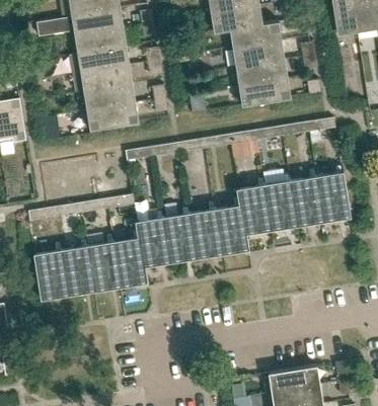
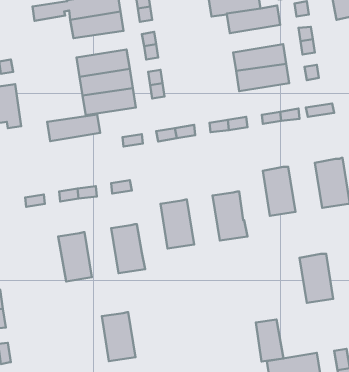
building: [232,40,285,68] -> none
building: [77,47,130,73] -> [47,115,100,141]
building: [290,177,323,226] -> [300,254,333,303]
building: [236,185,272,234] -> none
building: [190,210,222,258] -> none
building: [135,218,170,266] -> none
building: [88,242,122,291] -> [102,312,135,361]
building: [34,250,70,300] -> none
building: none -> [256,319,283,362]

